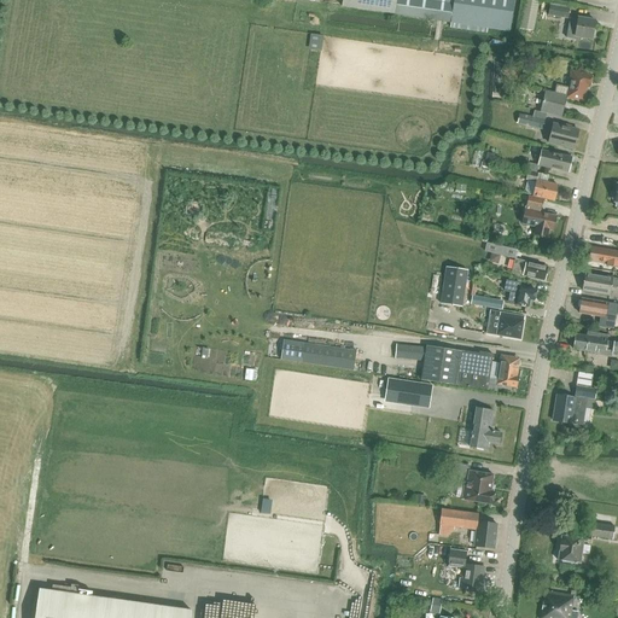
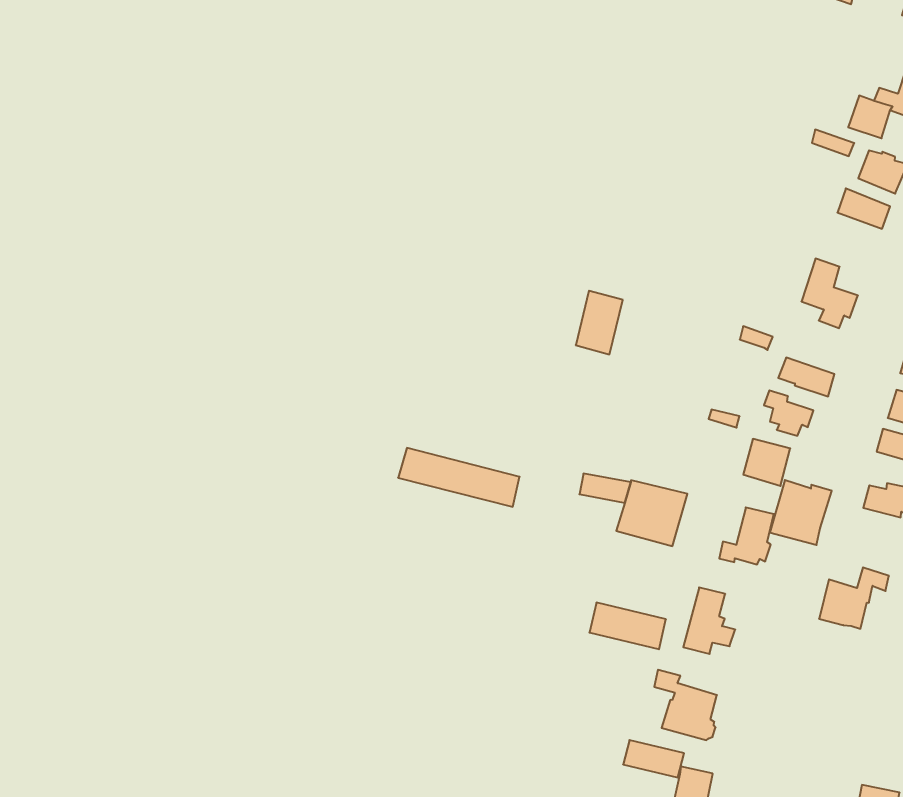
building: [525,170,558,199] -> none
building: [441,267,467,305] -> [576,291,623,354]
building: [456,350,492,389] -> [770,480,832,545]
building: [385,378,432,403] -> [589,603,666,649]

